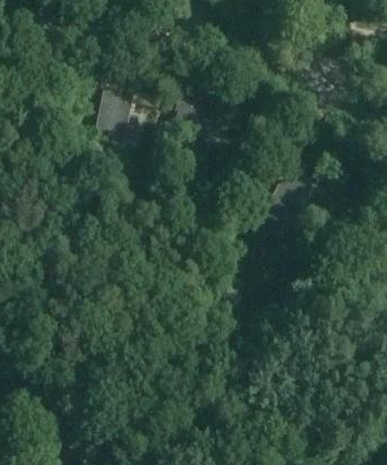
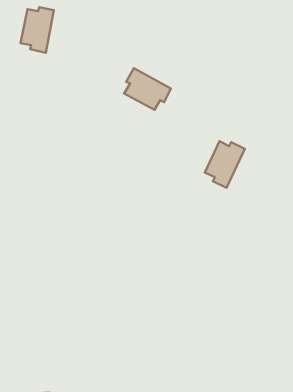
building: [94,87,132,139] -> [21,7,54,53]

